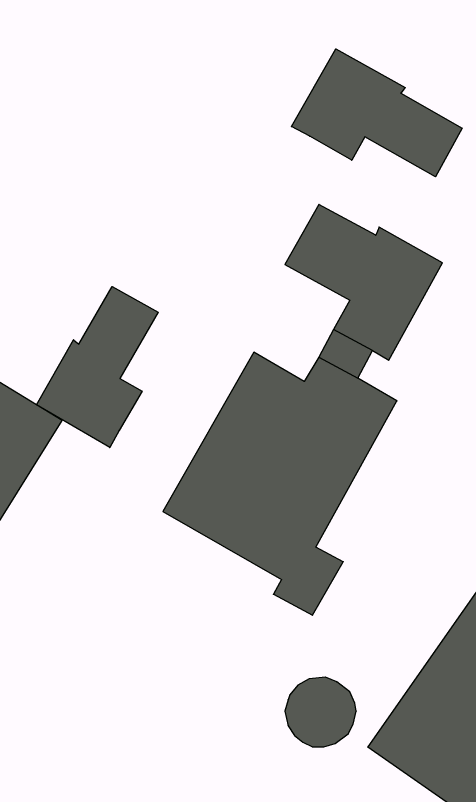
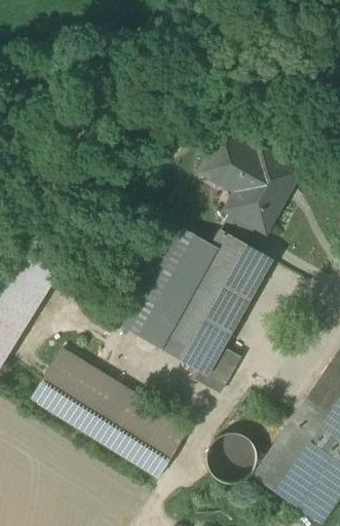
building: [291,49,462,177] -> none
building: [37,287,158,448] -> none
building: none -> [33,349,190,477]

